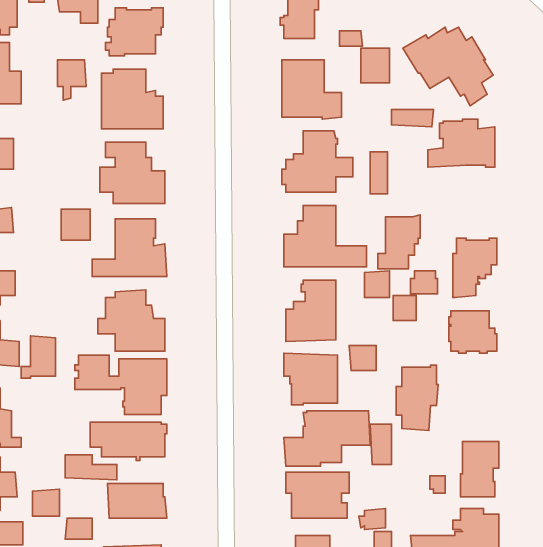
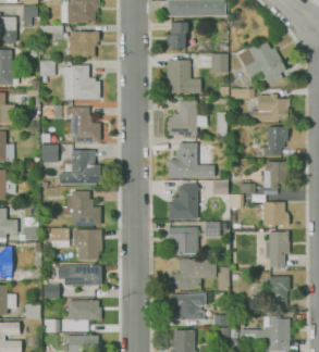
building: [378,215,420,269] -> [263,125,287,155]
building: [396,365,438,430] -> [266,230,290,267]

